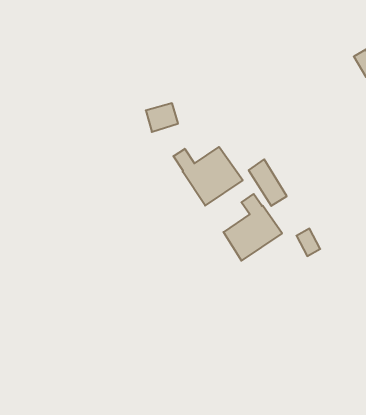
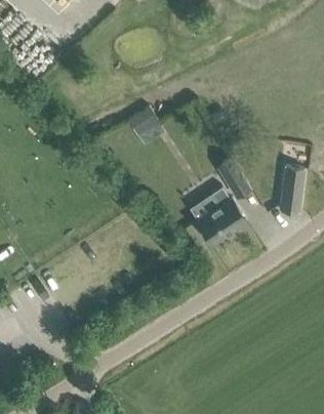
building: [173,147,243,206] -> none
building: none -> [276,166,300,213]

